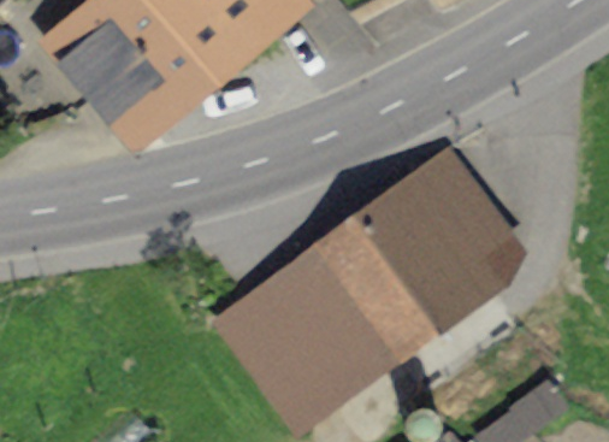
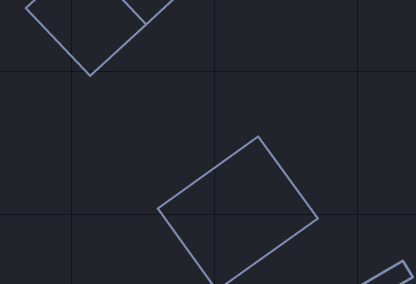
building: [361,155,531,330] -> none

